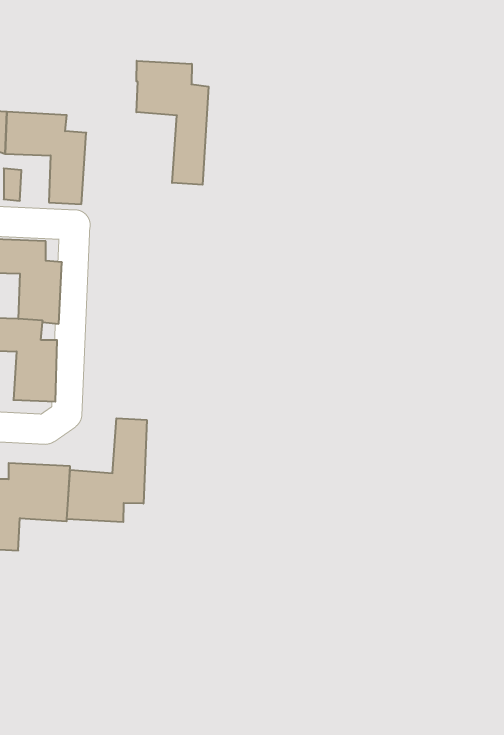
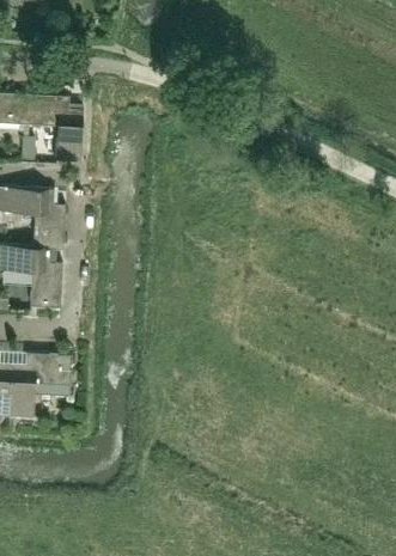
building: [136,61,209,185] -> none
building: [67,418,147,522] -> none

